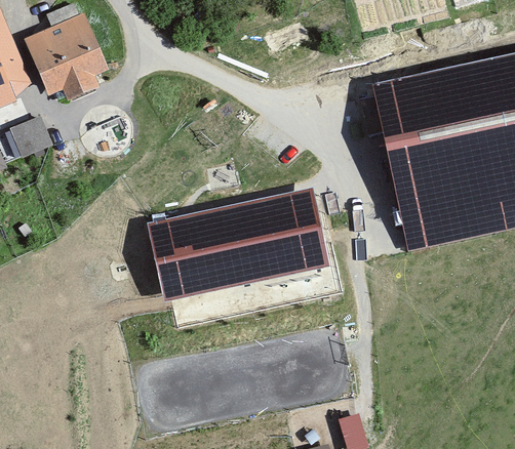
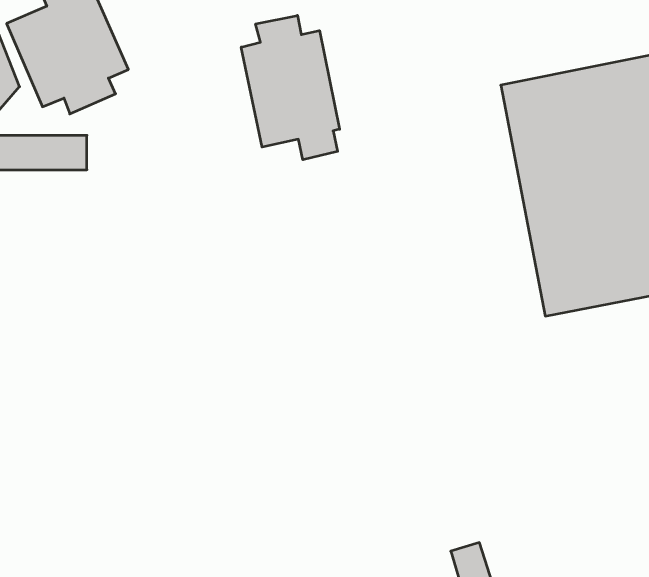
building: none -> [241,15,340,160]
building: [148,189,330,303] -> none

